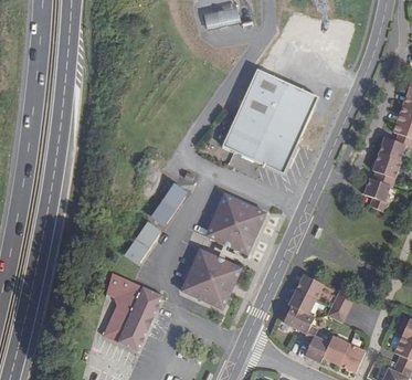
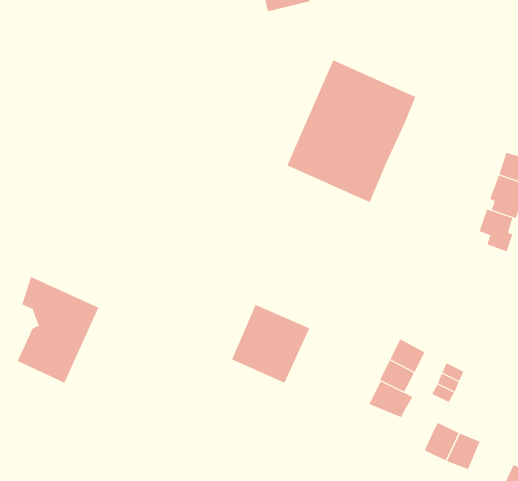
building: [152,187,184,223] -> none
building: [204,194,263,253] -> none
building: [126,225,158,262] -> none
building: [102,273,162,352] -> [17,276,99,384]
building: [303,330,329,361] -> none

